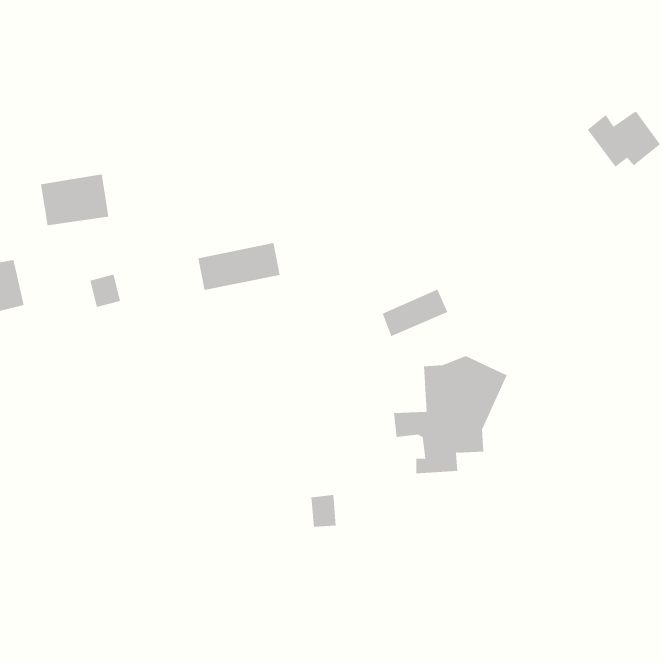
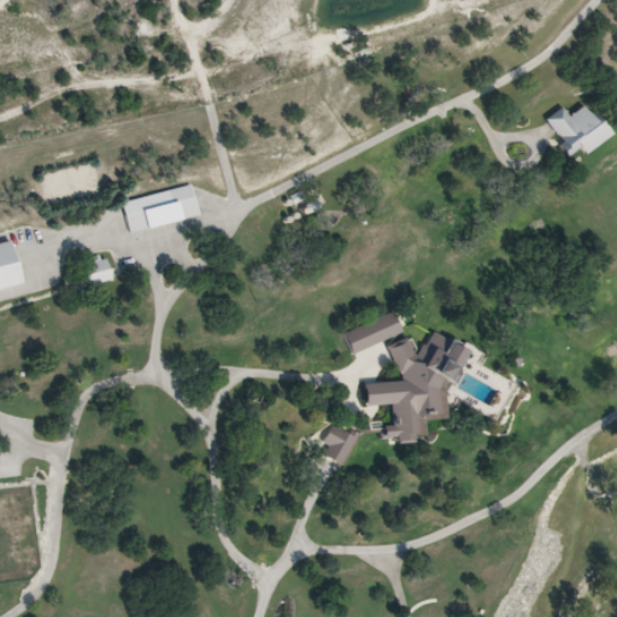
building: [198,243,281,291] -> [122,187,199,231]
building: [382,289,448,337] -> [343,310,405,354]
building: [311,495,337,527] -> [327,430,351,460]

